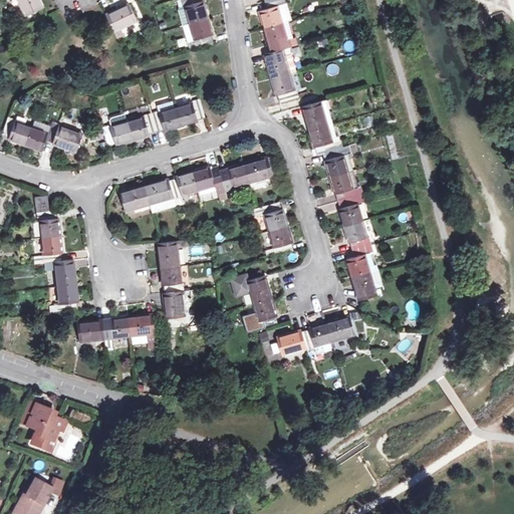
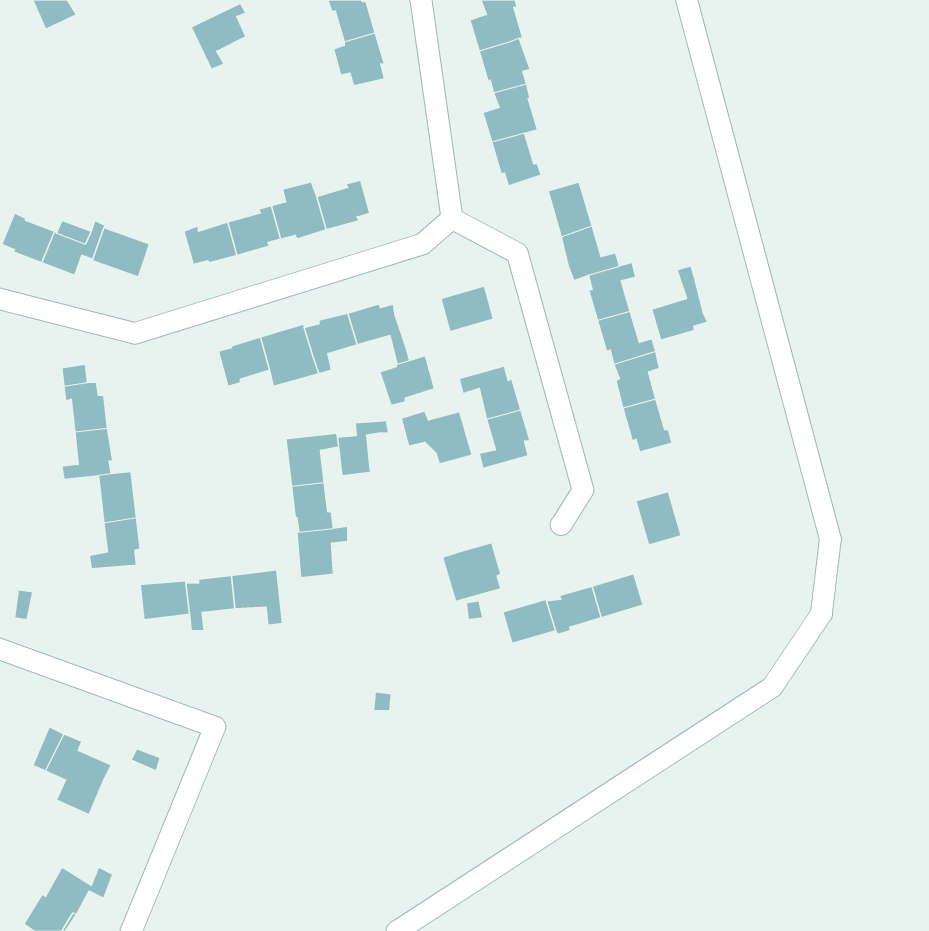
building: none -> [652,266,707,340]
building: [218,165,248,192] -> [380,356,435,405]
building: none -> [338,419,388,476]
building: [345,244,372,276] -> none
building: [232,275,271,304] -> [401,411,472,464]

